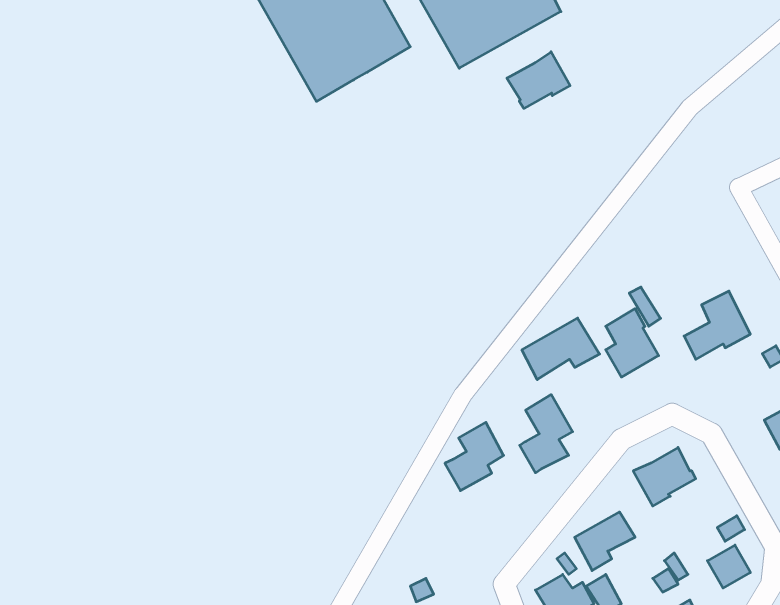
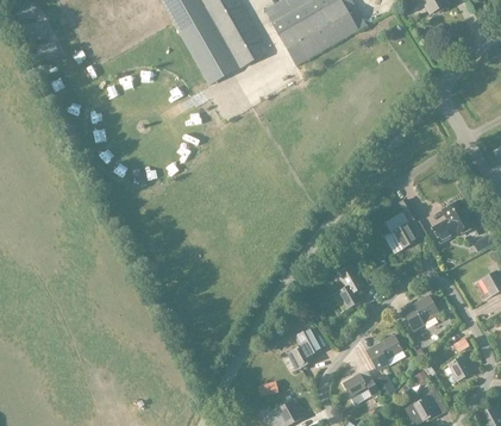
building: [507,52,570,108] -> none
building: [522,318,600,380] -> none
building: [445,422,504,491] -> [287,327,322,369]

